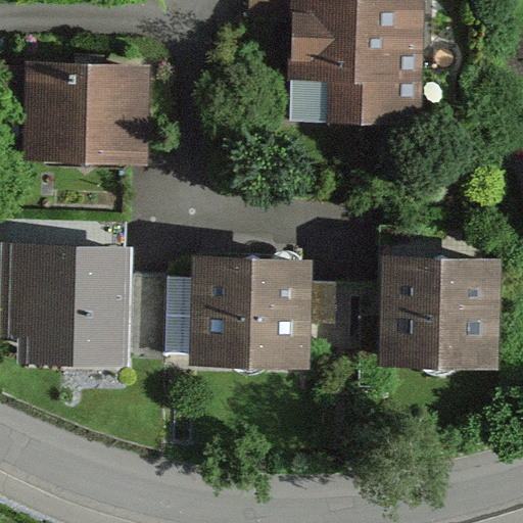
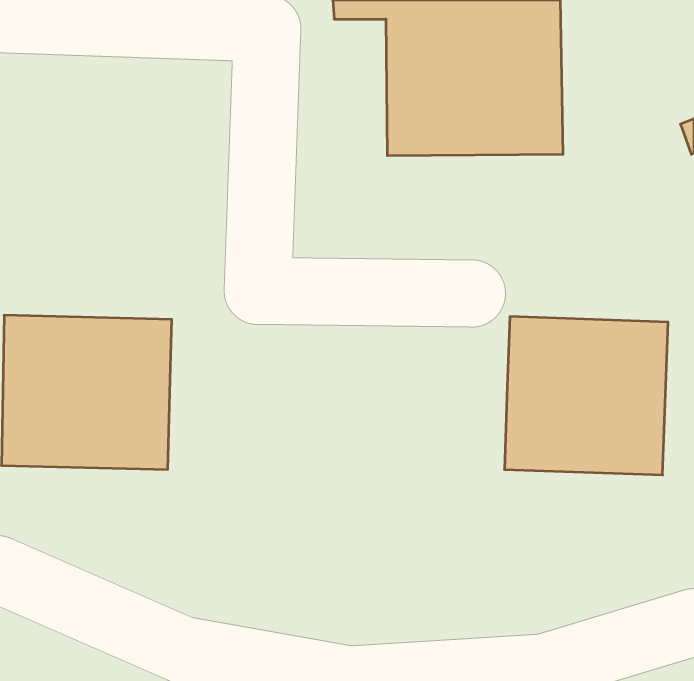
building: [23,64,150,163] -> none
building: [190,247,338,368] -> none

